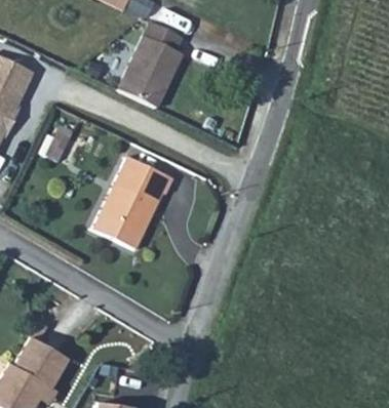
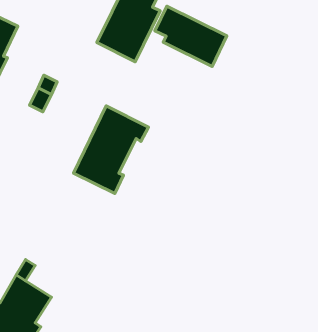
building: none -> [155,6,227,66]

